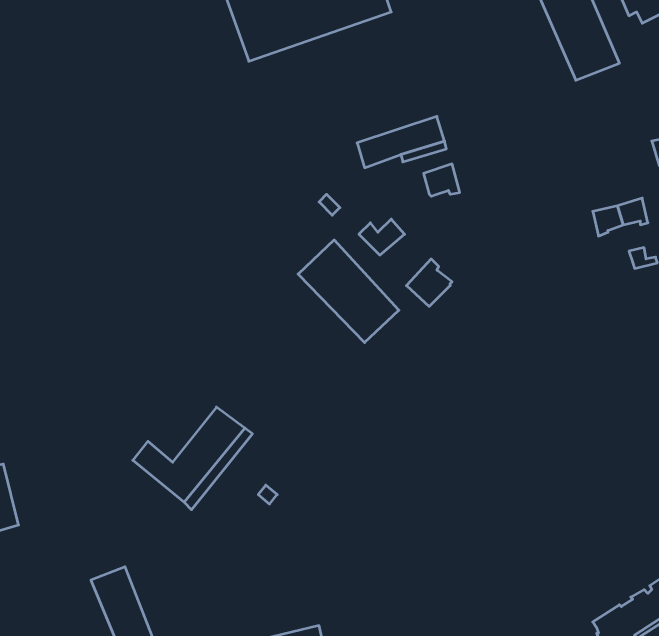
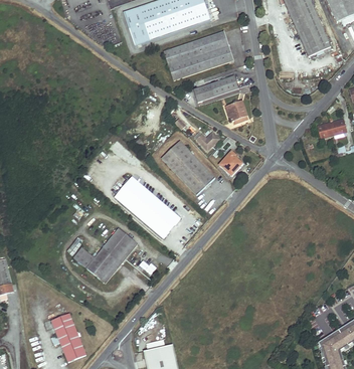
building: none -> [164,31,233,79]
building: none -> [115,176,180,237]

